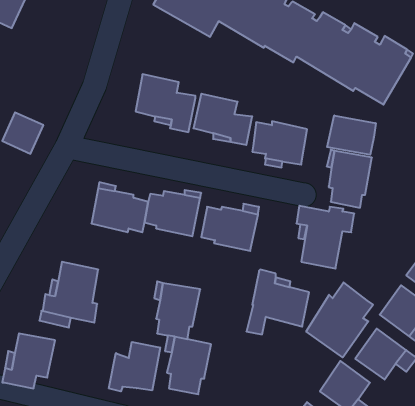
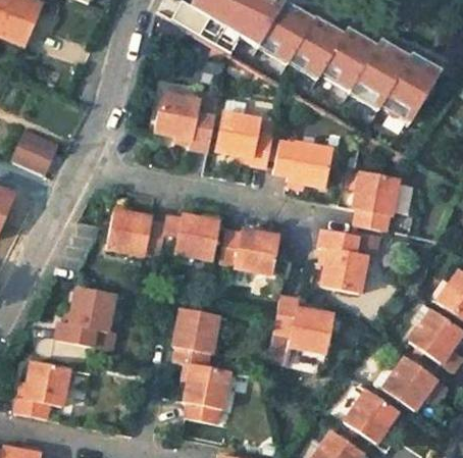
building: [327,115,376,155] -> none
building: [306,282,373,357] -> none
building: [109,342,160,391] -> none

